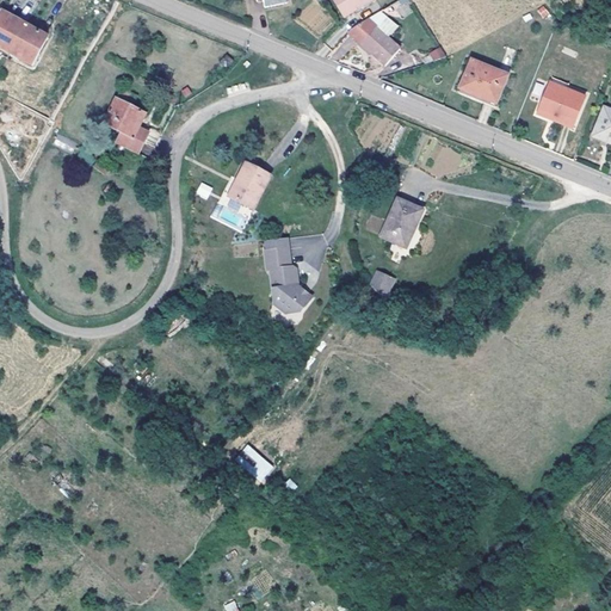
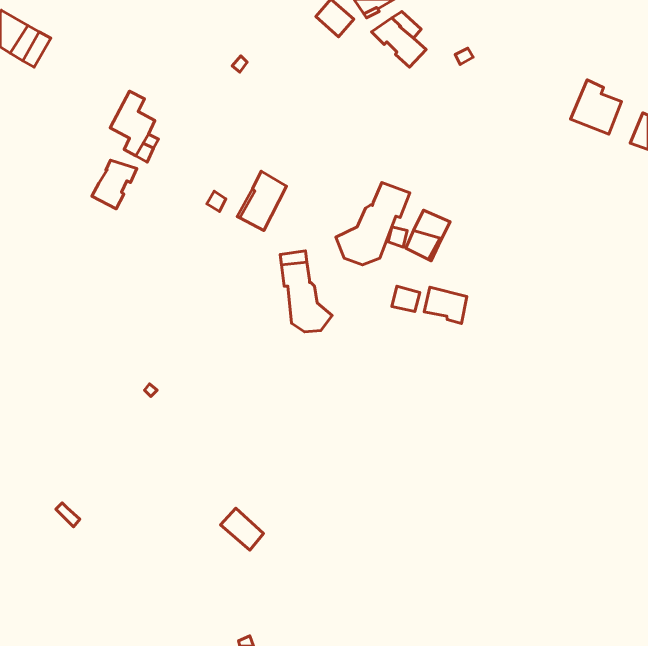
building: [461,60,507,101] -> none
building: none -> [92,160,137,209]
building: none -> [336,182,410,265]
building: none -> [424,287,467,323]
building: [234,443,274,482] -> [221,508,264,550]

